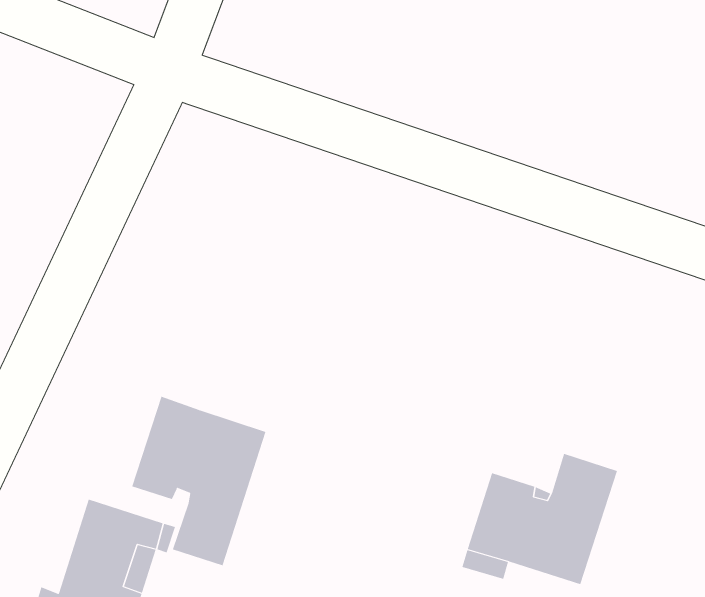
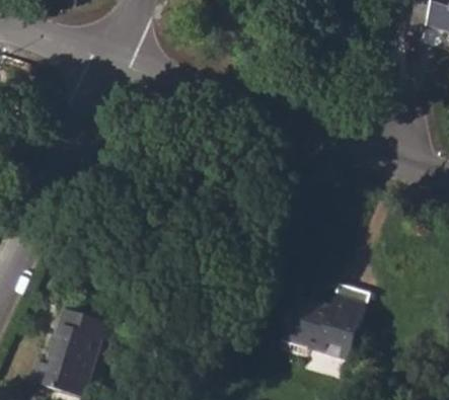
building: [132,396,266,566] -> none

